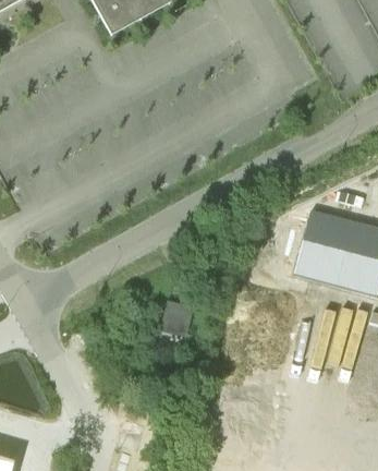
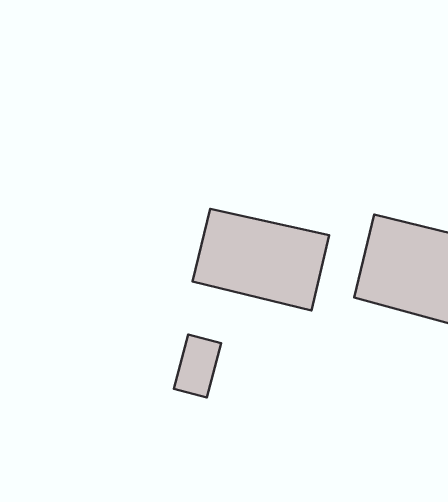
building: none -> [192,209,329,310]

